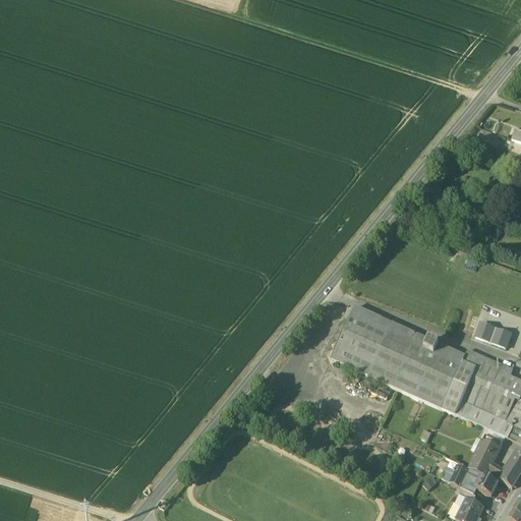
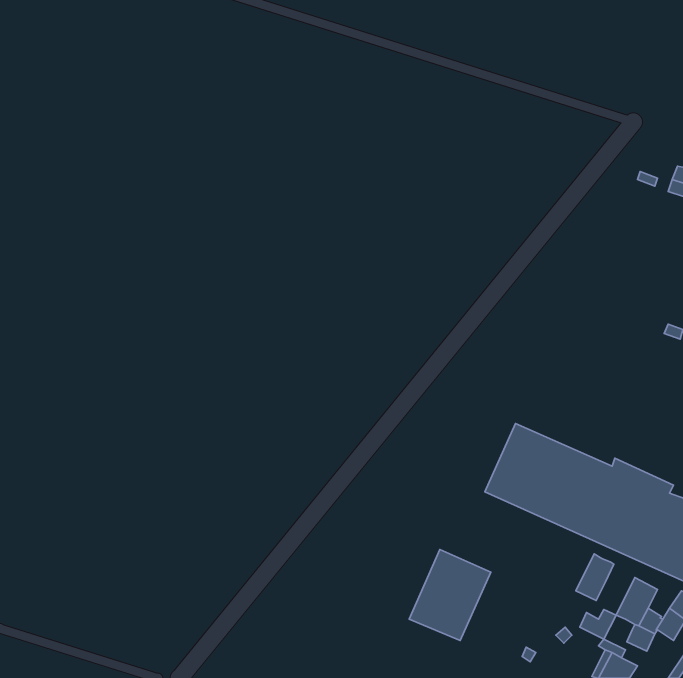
building: [331,304,393,373] -> [409,550,491,641]
building: [476,322,512,347] -> none
building: none -> [576,554,614,600]

